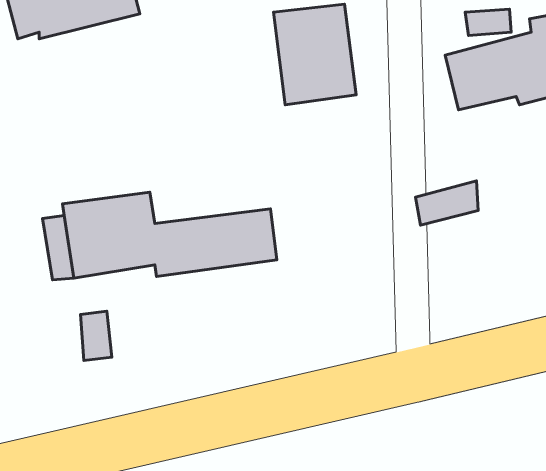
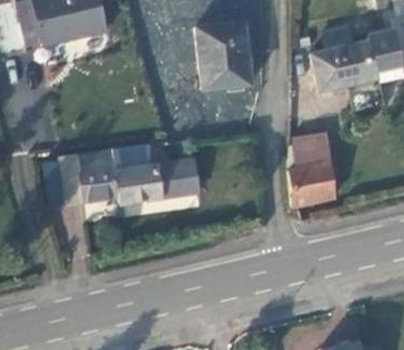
building: none -> [286,159,335,209]

